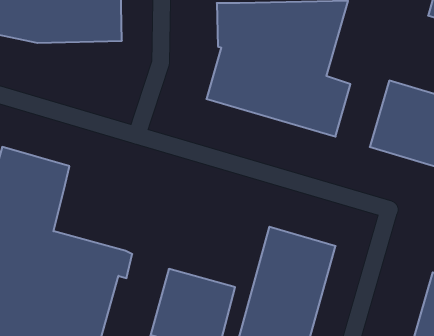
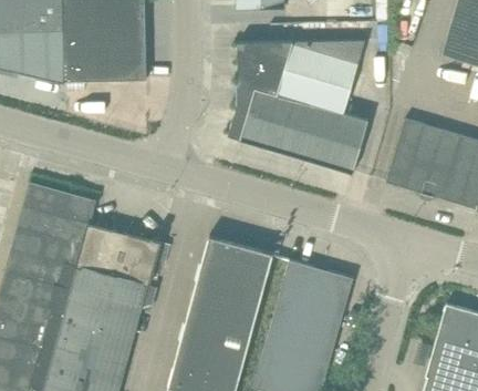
building: none -> [80,224,169,282]
building: none -> [191,236,273,318]

